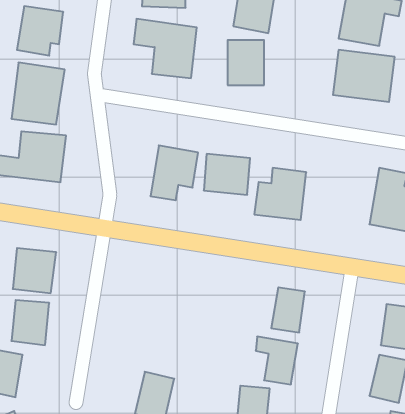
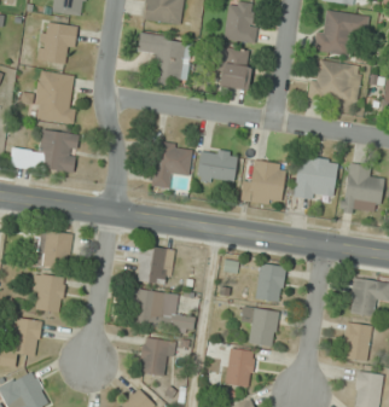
building: none -> [292,155,338,202]
building: none -> [135,246,172,285]
building: none -> [132,290,194,332]

